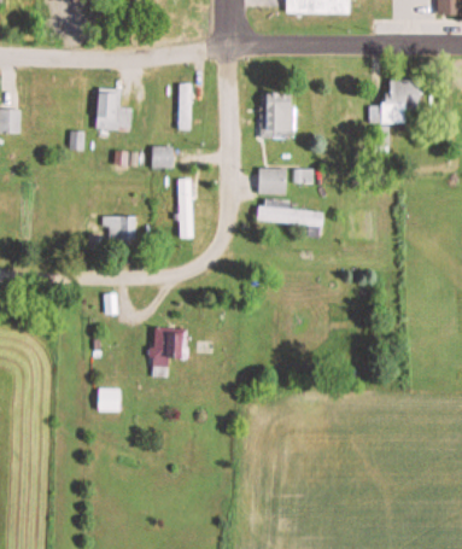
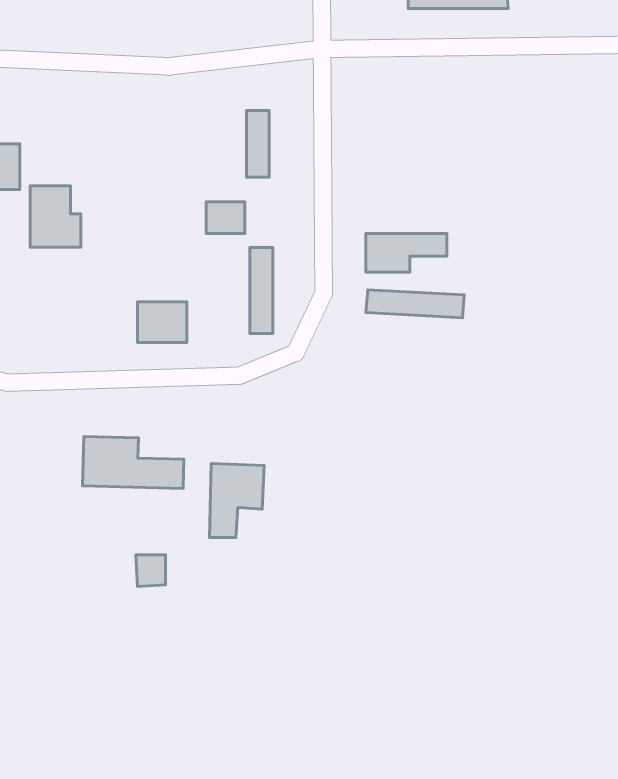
building: [367,78,421,124] -> none
building: [95,87,130,129] -> [30,186,81,247]
building: [263,90,296,130] -> none
building: none -> [83,437,184,488]

